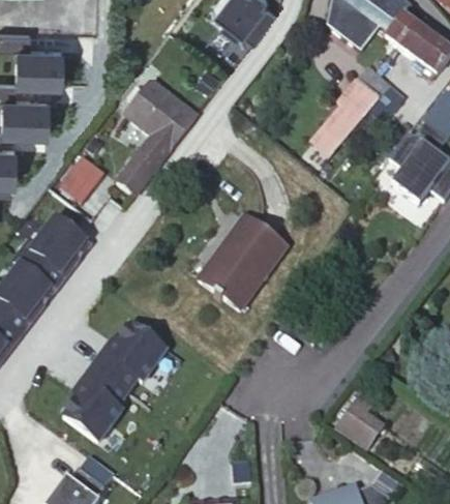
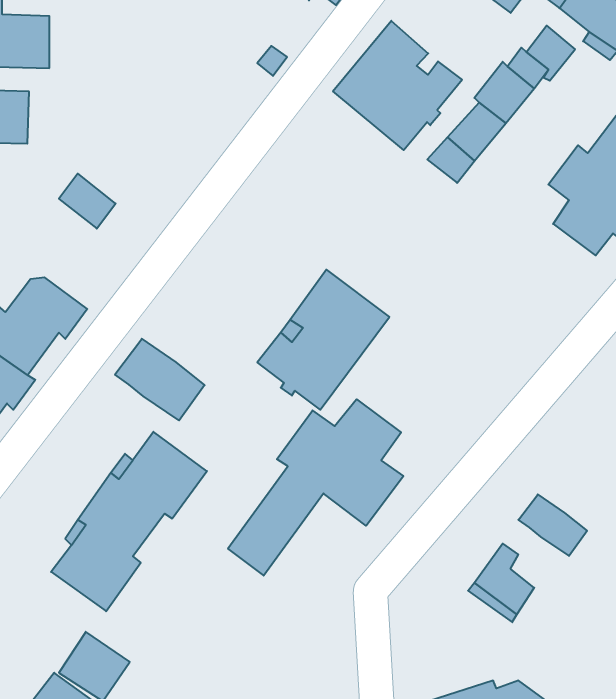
building: none -> [333,21,462,150]
building: [117,78,196,195] -> none
building: none -> [115,339,205,420]
building: none -> [228,399,403,576]
building: none -> [518,494,587,556]

